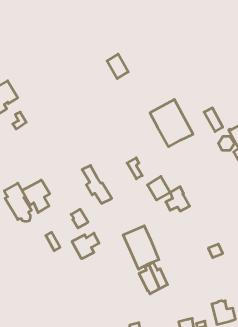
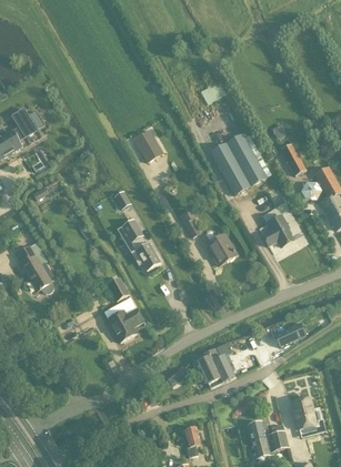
building: [107,54,128,79] -> [134,129,162,161]
building: [22,180,50,213] -> none
building: [166,187,190,211] -> [262,214,293,246]
building: [123,226,159,269] -> none

